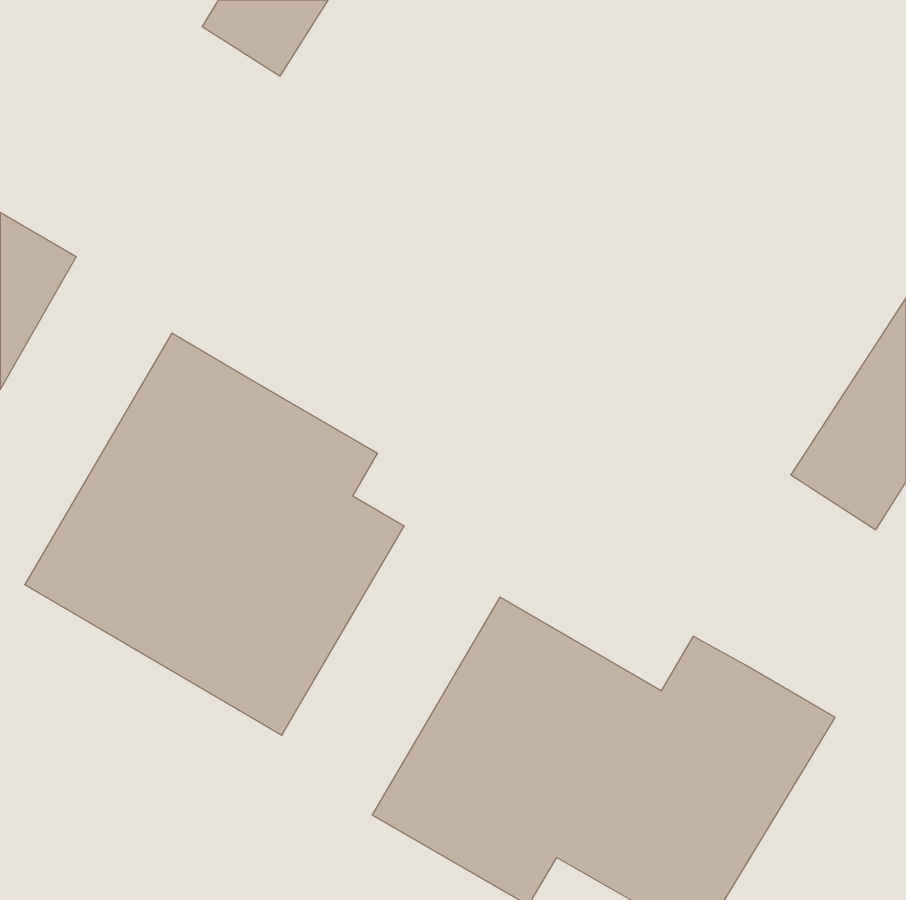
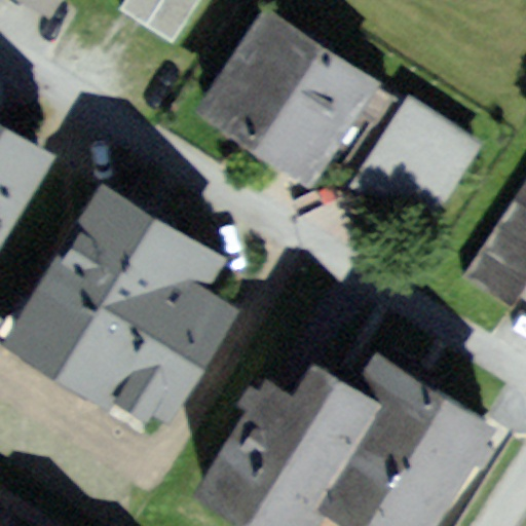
building: none -> [206,10,385,180]
building: none -> [354,107,475,234]

